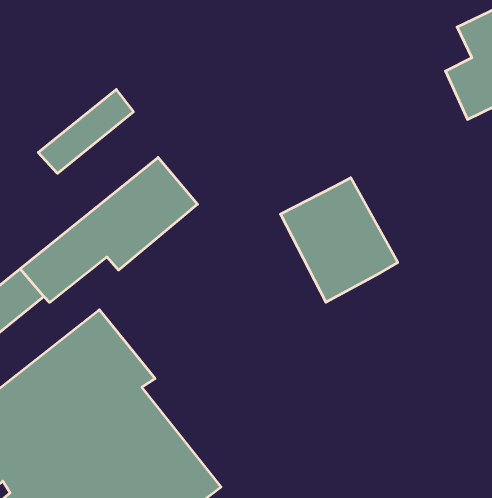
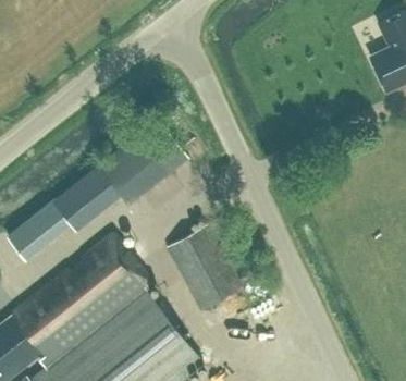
building: [38,89,133,173] -> none
building: [280,178,398,302] -> [168,220,255,312]

